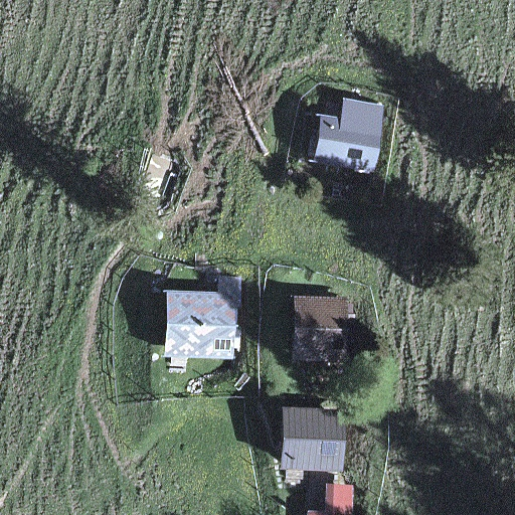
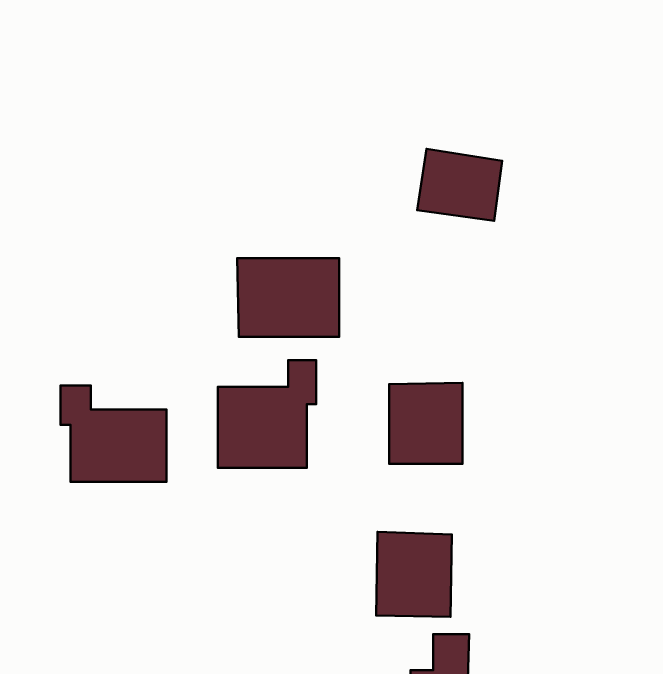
building: none -> [237,258,339,337]
building: none -> [61,386,167,482]

